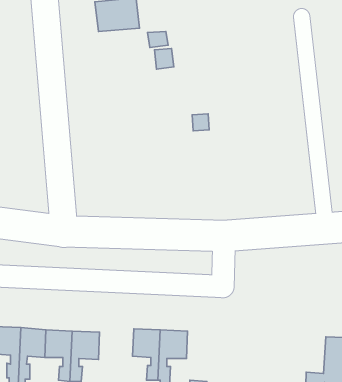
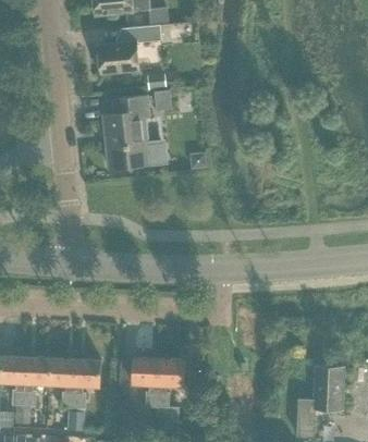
building: none -> [106,96,163,169]

